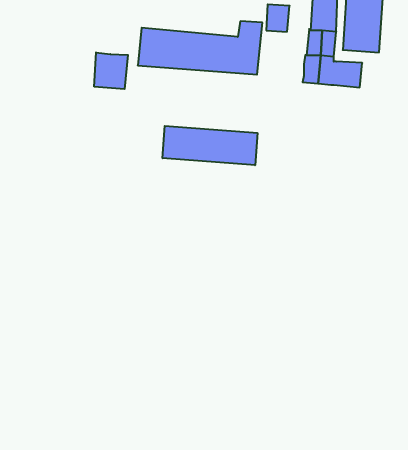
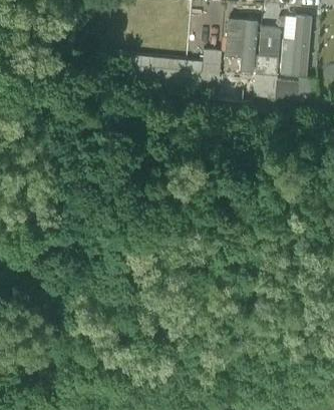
building: [94,52,128,89] -> none
building: [163,126,257,165] -> none

